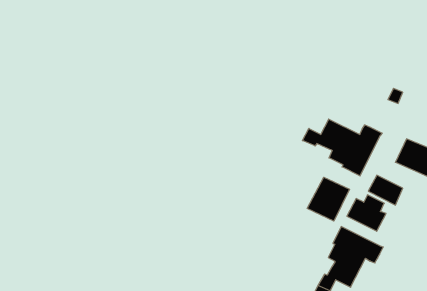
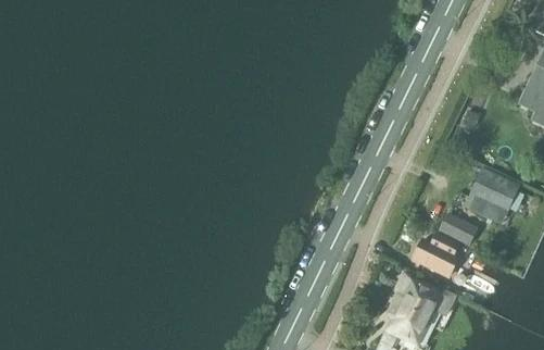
building: [302,119,382,176] -> none
building: [307,177,350,221] -> none

